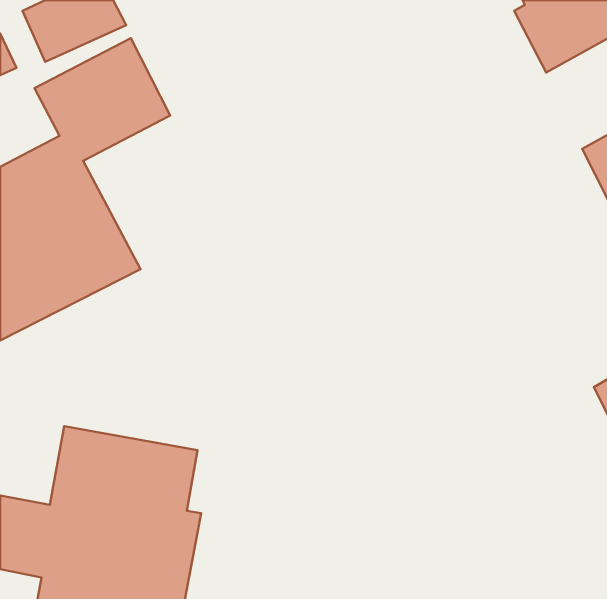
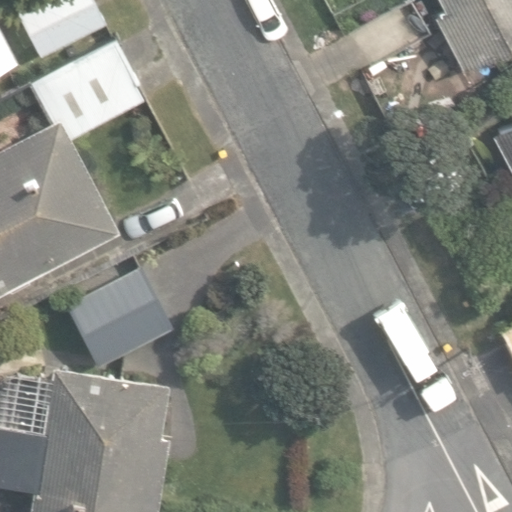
building: none -> [64,263,172,367]

